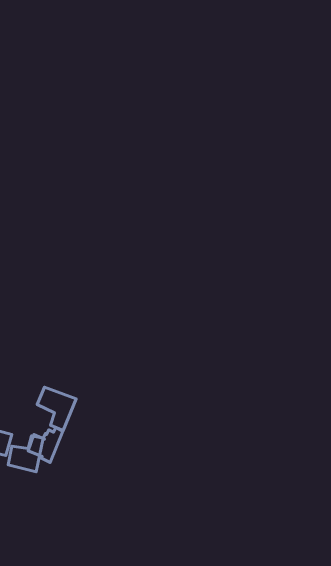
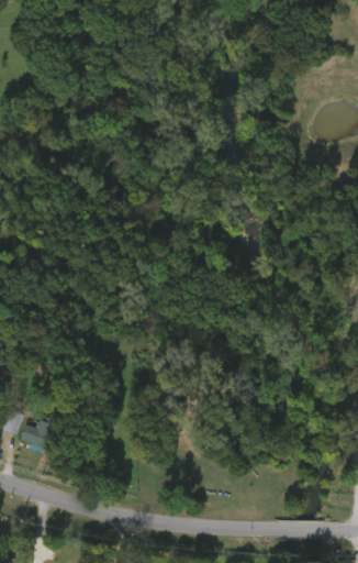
building: [37,387,76,431] -> none

